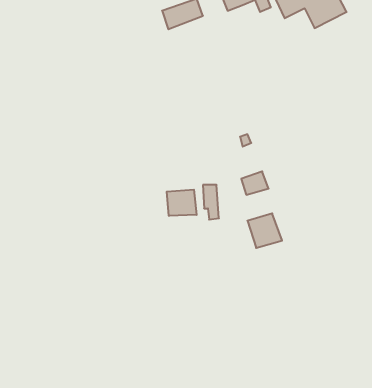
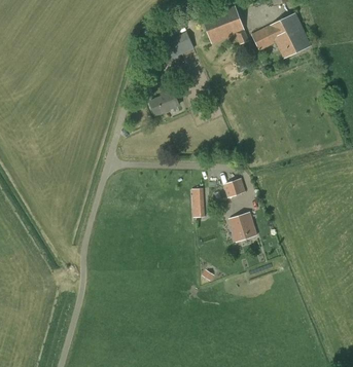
building: none -> [148,89,179,115]
building: [167,190,197,216] -> none

